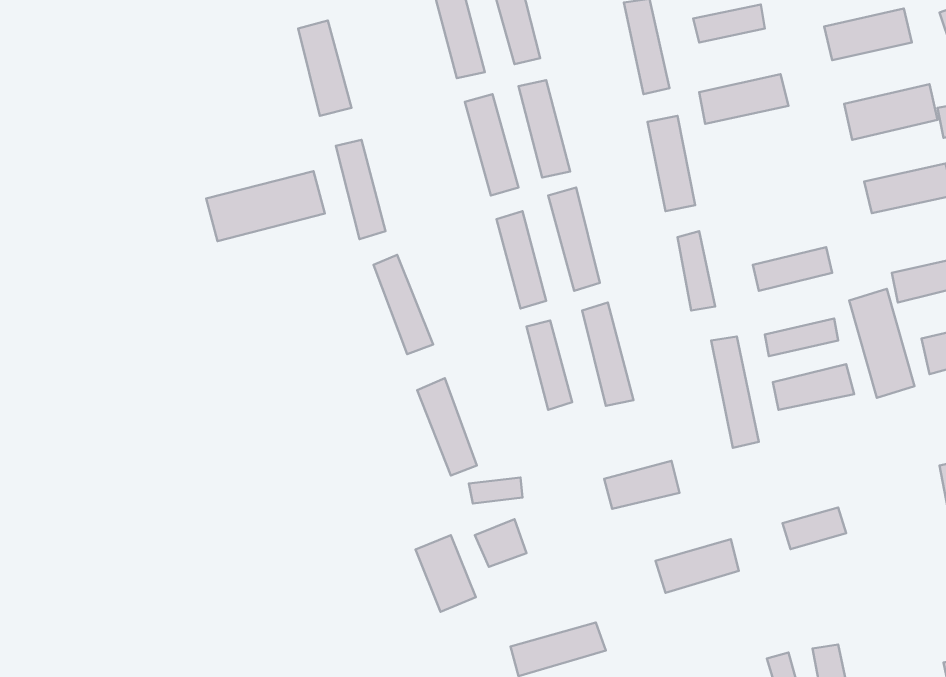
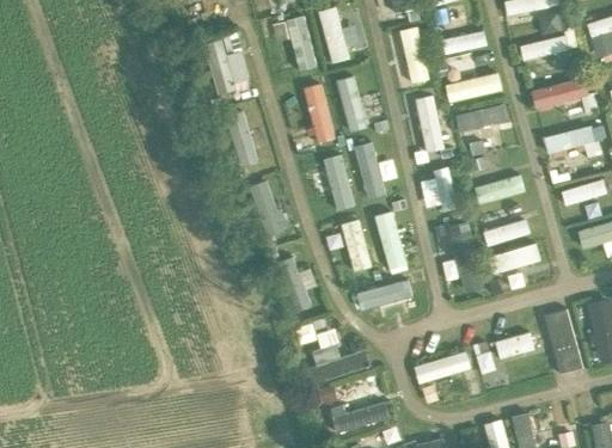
building: none -> [457,104,508,133]
building: [206,171,325,241] -> none
building: [849,289,915,398] -> [543,306,582,372]
building: [604,461,680,509] -> [363,277,409,306]
building: [416,535,476,612] -> none

